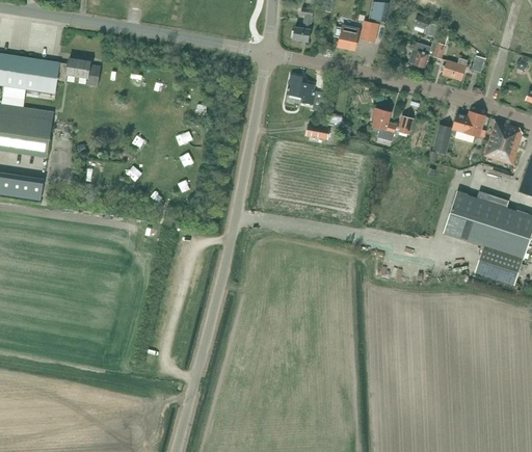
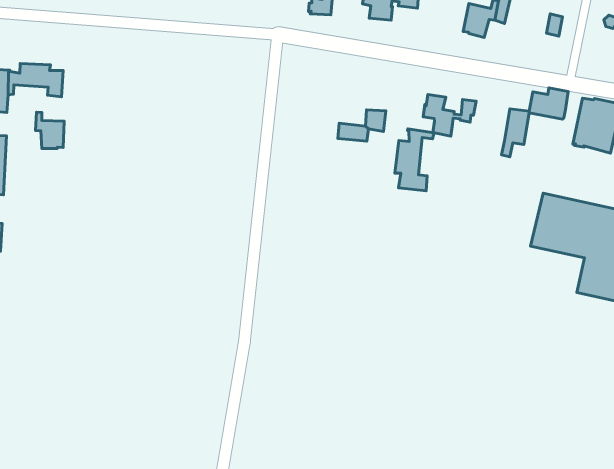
building: [441,58,467,82] -> none
building: [286,76,316,105] -> none
building: none -> [36,112,64,149]
building: none -> [395,129,434,191]

